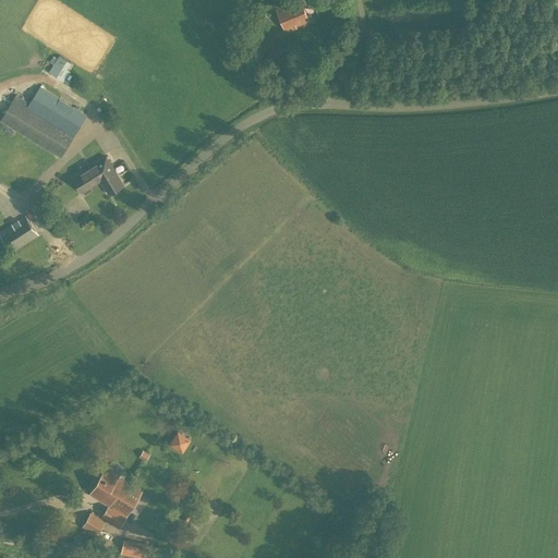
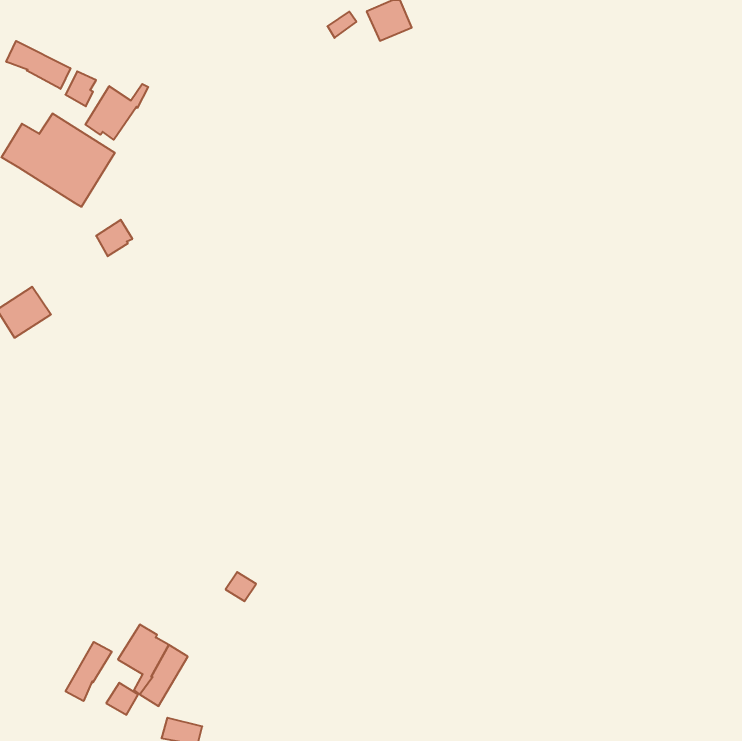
building: none -> [6,41,70,89]
building: none -> [85,84,148,140]
building: [90,157,123,196] -> none
building: none -> [66,642,112,701]

